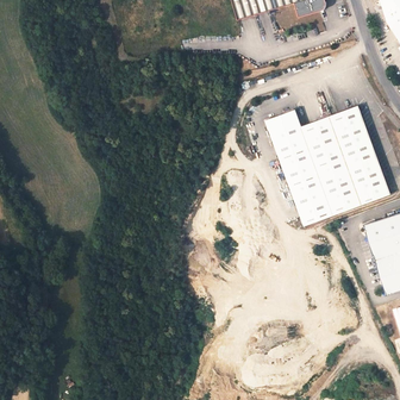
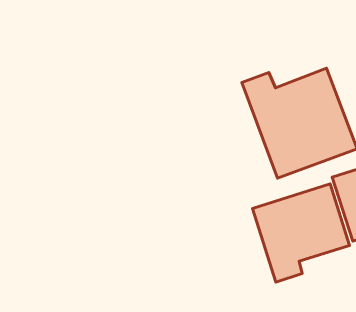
building: none -> [253,184,350,282]

